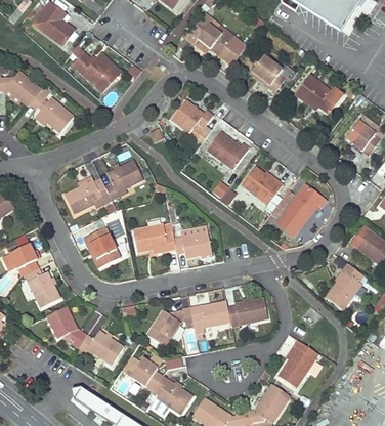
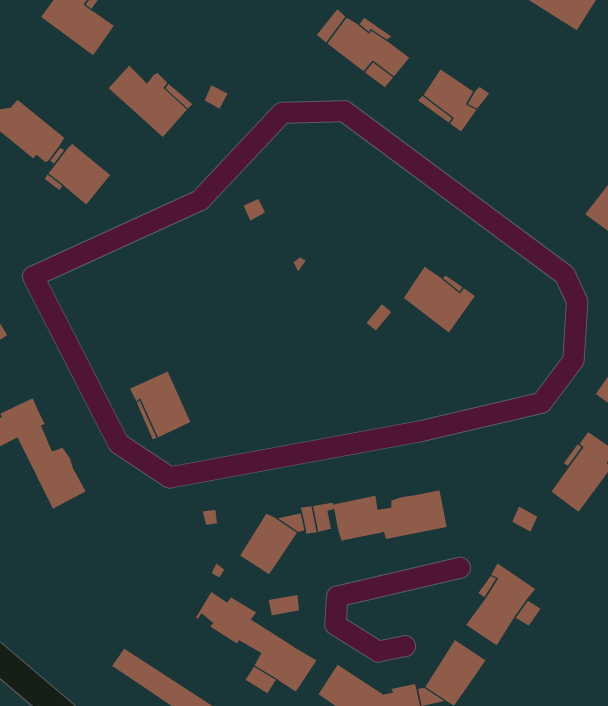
building: [294,73,344,113] -> none
building: [171,101,213,142] -> none
building: [206,132,250,171] -> none
building: [63,159,143,212] -> none
building: [277,184,327,236] -> none
building: [133,222,212,258] -> none
building: [47,305,124,363] -> none

